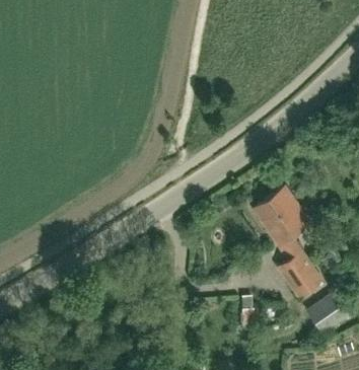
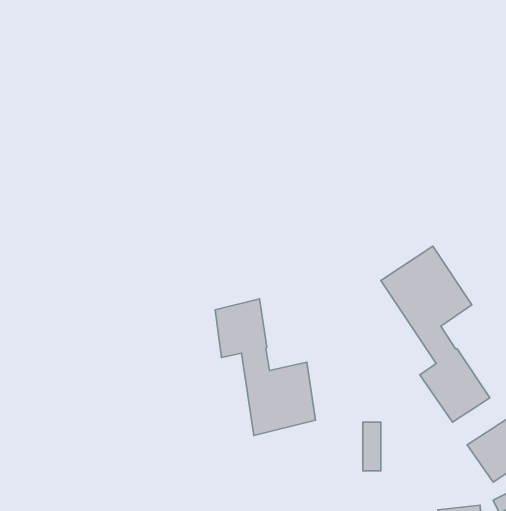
building: none -> [215,299,316,435]

